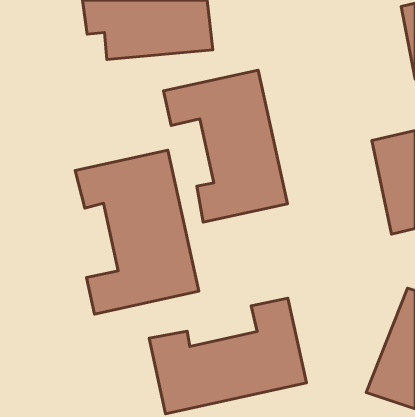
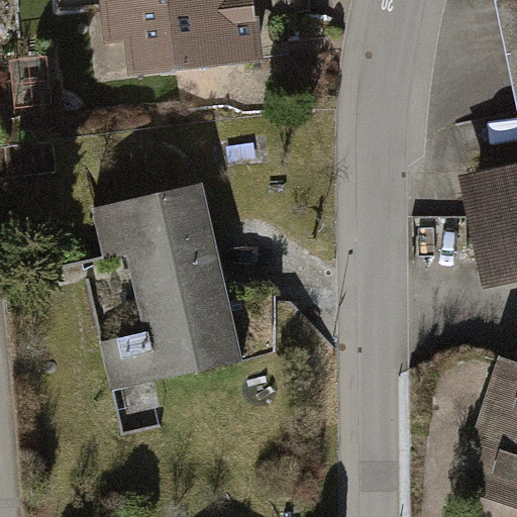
building: [164,70,287,222] -> none
building: [149,298,307,414] -> none

